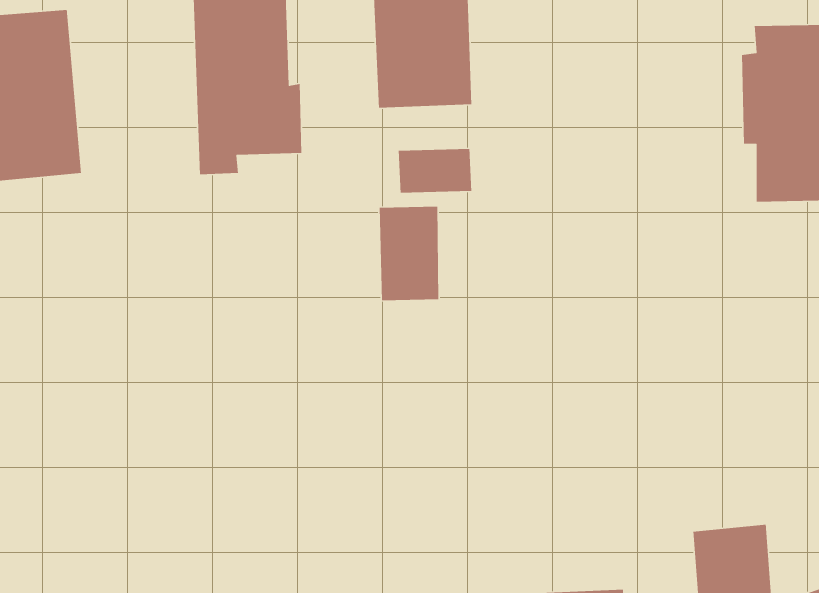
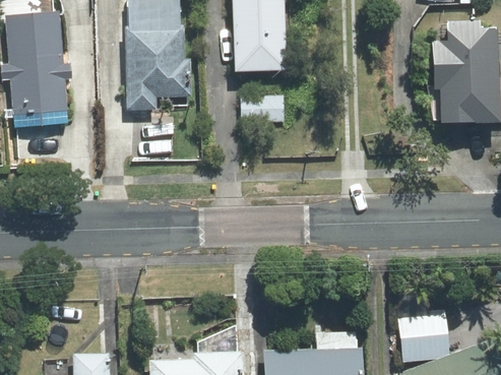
building: [379,206,439,301] -> none

